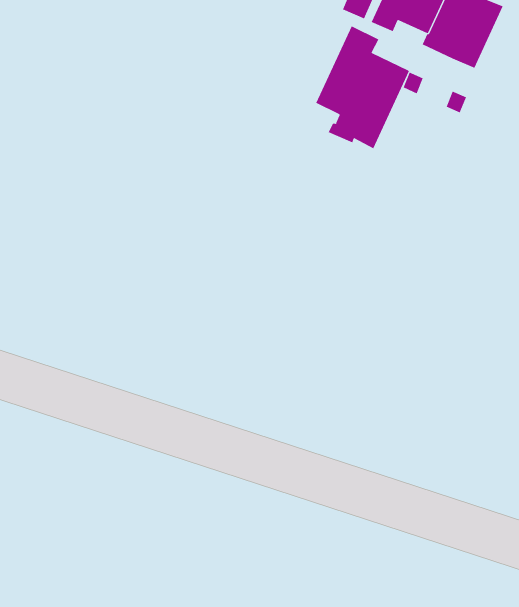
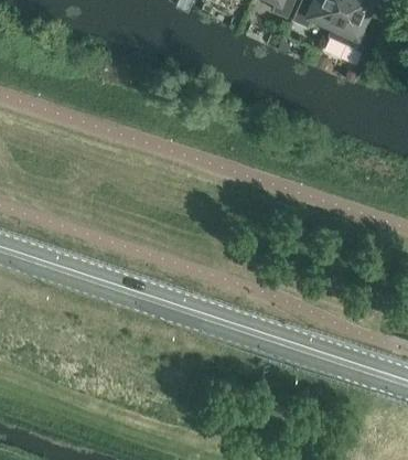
building: [316,25,409,149] -> none

